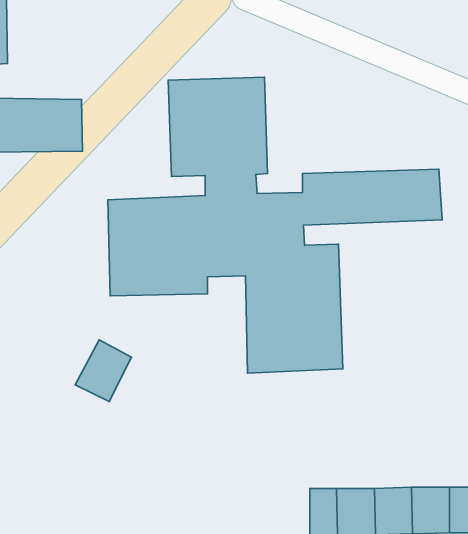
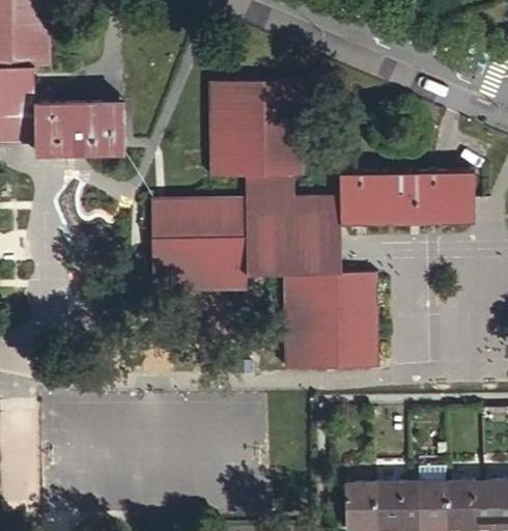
building: [75,340,132,402] -> none

